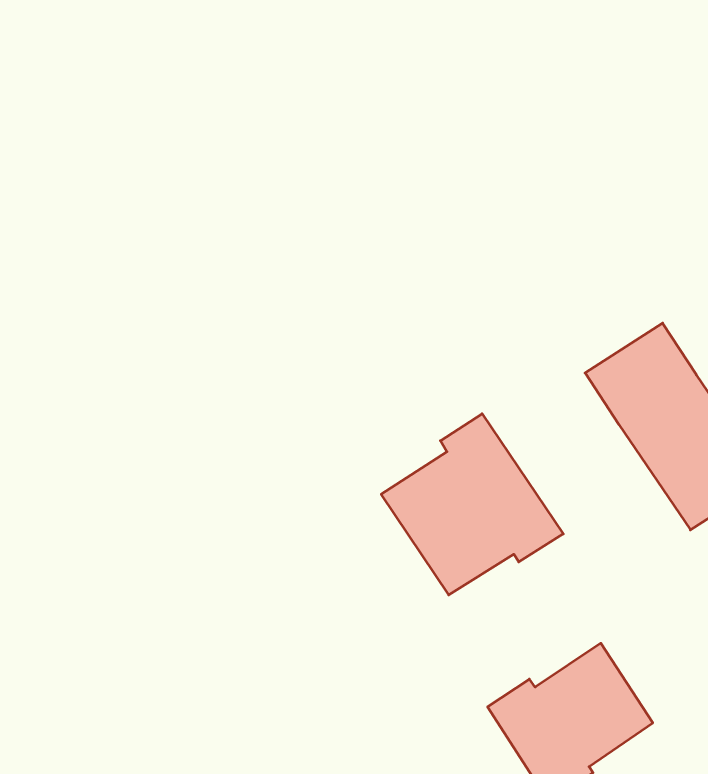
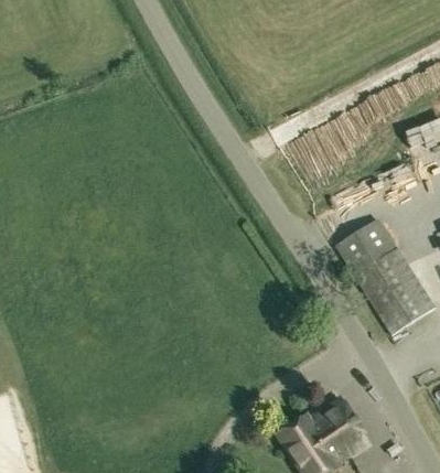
building: [381,414,563,595] -> none

